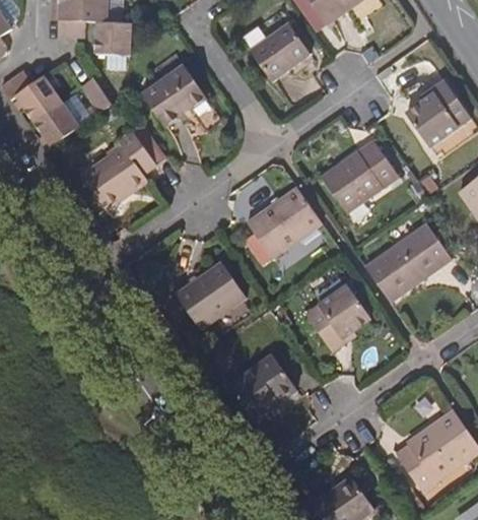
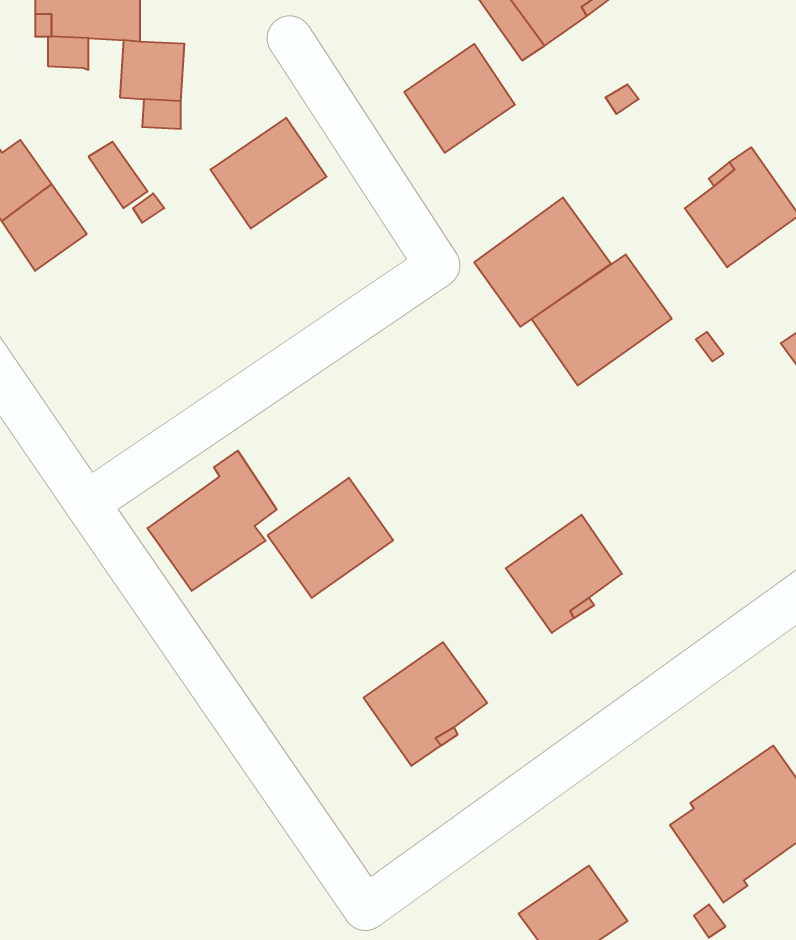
building: [85,131,156,208] -> [147,451,277,591]
building: [248,186,323,257] -> [474,197,611,327]
building: [364,221,450,300] -> none

